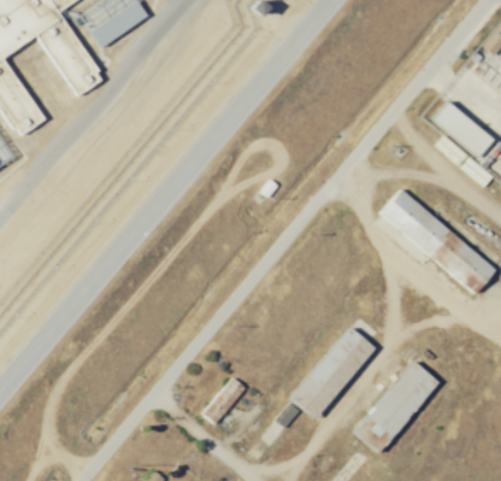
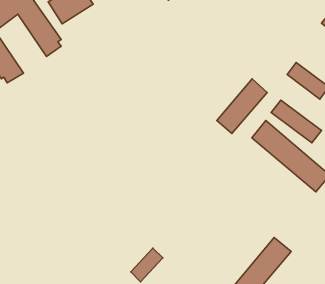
building: none -> [217,79,267,133]
building: none -> [271,100,321,143]
building: [290,327,375,421] -> none

